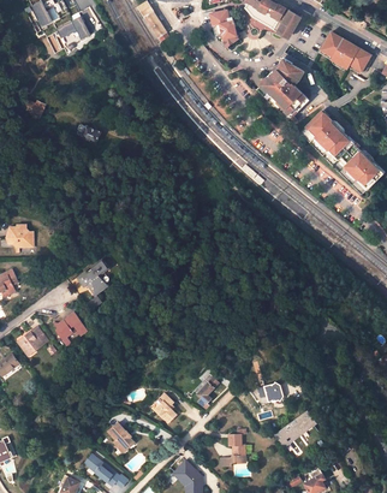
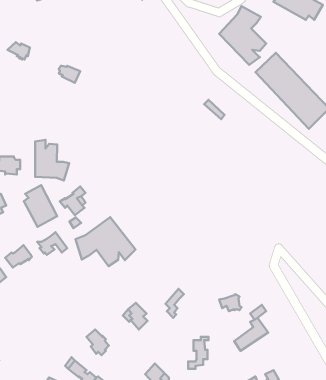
building: none -> [35,140,69,181]
building: none -> [24,185,57,227]
building: none -> [75,217,135,266]

